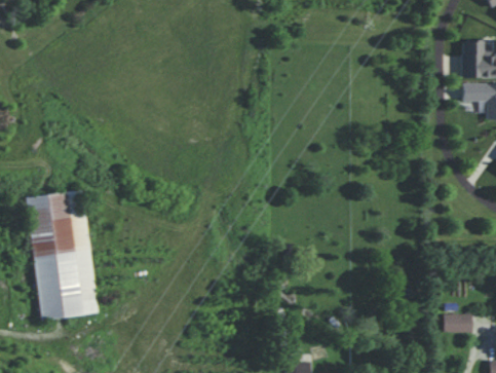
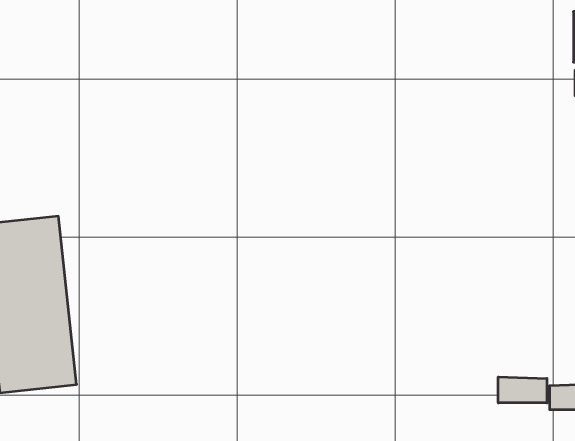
building: none -> [498,377,547,403]

